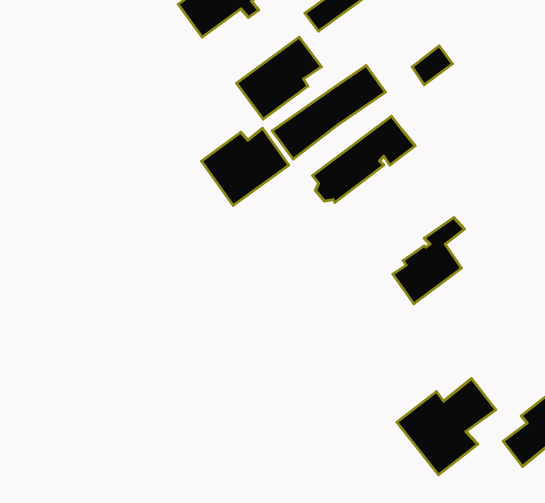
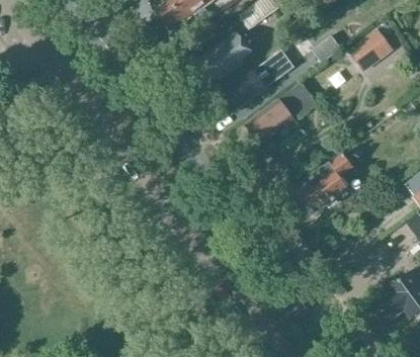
building: none -> [350,29,392,69]
building: [201,128,289,205] -> none
building: [397,379,496,475] -> none

